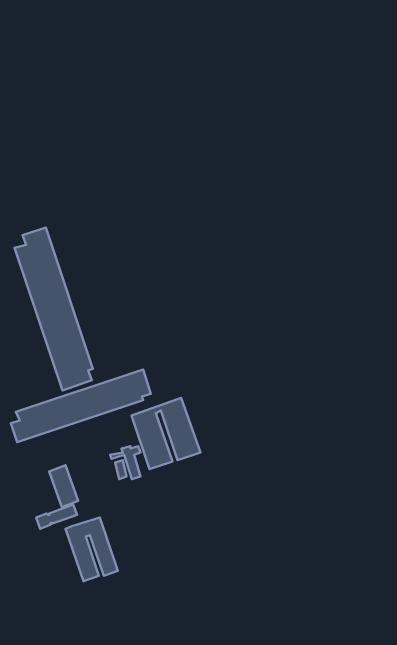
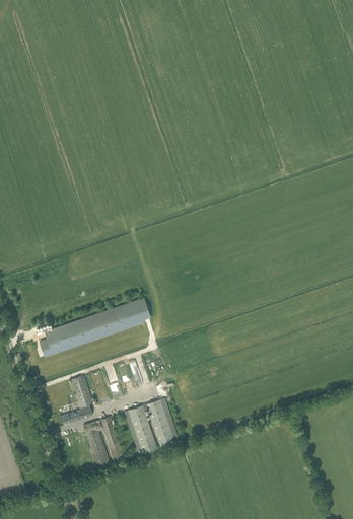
building: [15,227,93,390] -> none
building: [132,398,200,469] -> [125,396,180,453]

